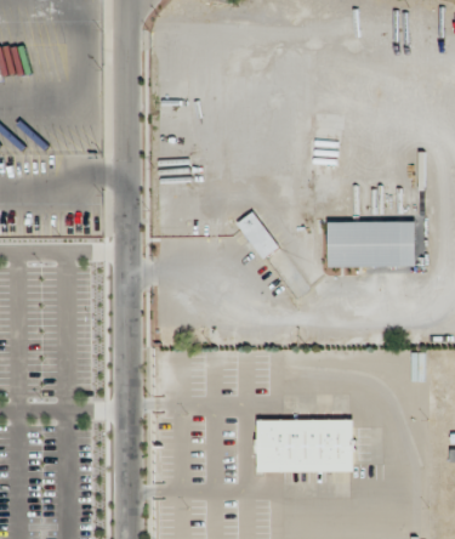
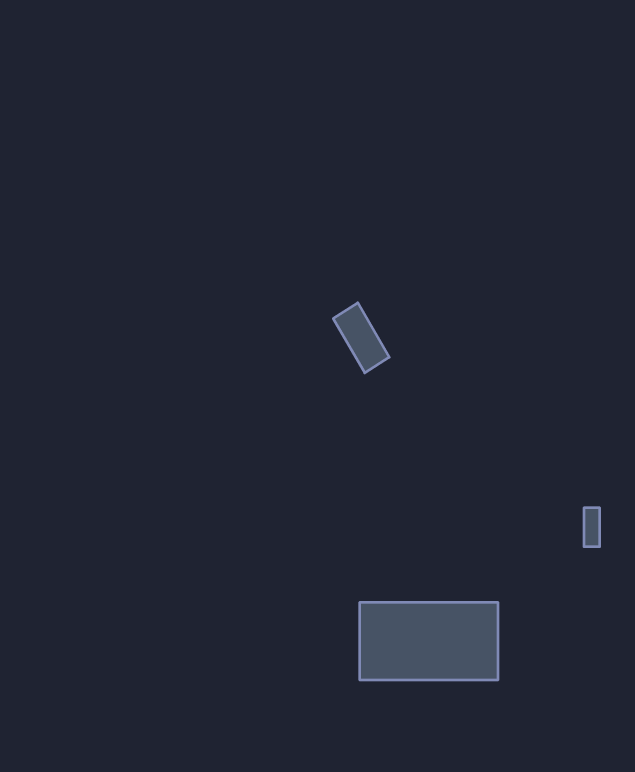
building: [331,222,417,266] -> none

